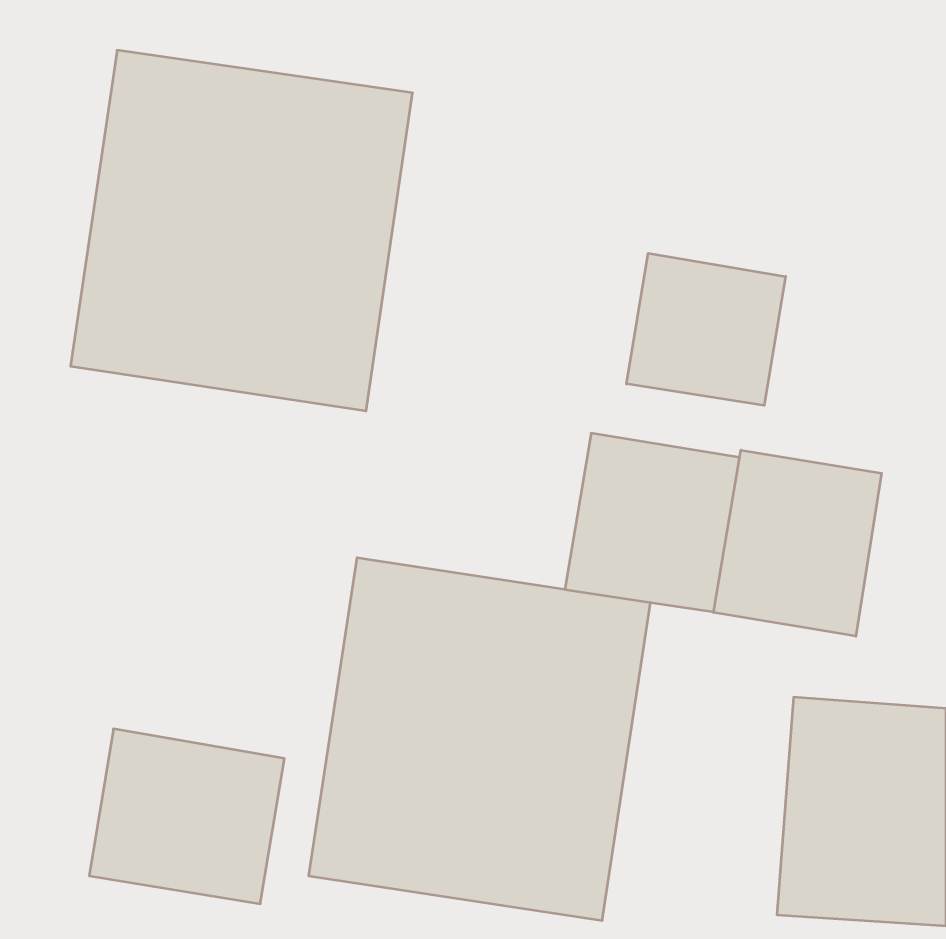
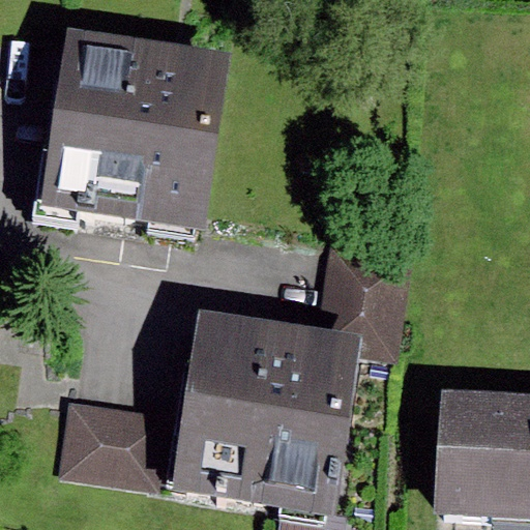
building: [626,253,786,405] -> none
building: [714,450,882,636] -> none

